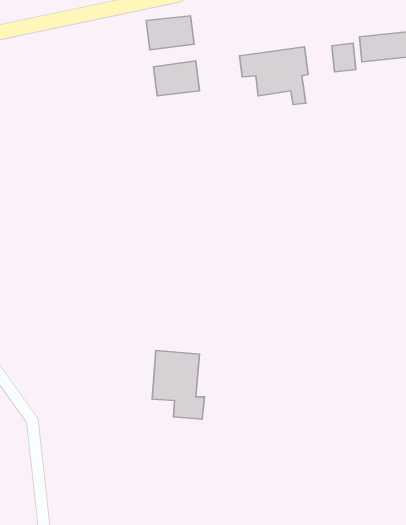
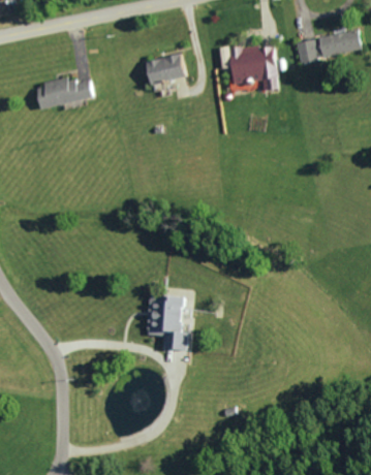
building: [146,16,194,50] -> none
building: none -> [35,76,93,109]

